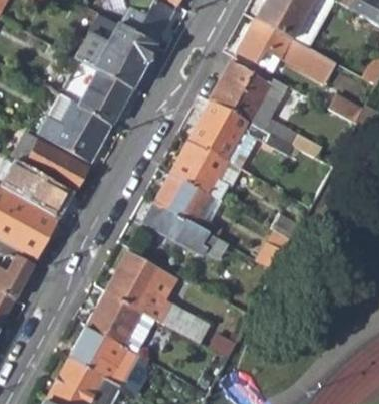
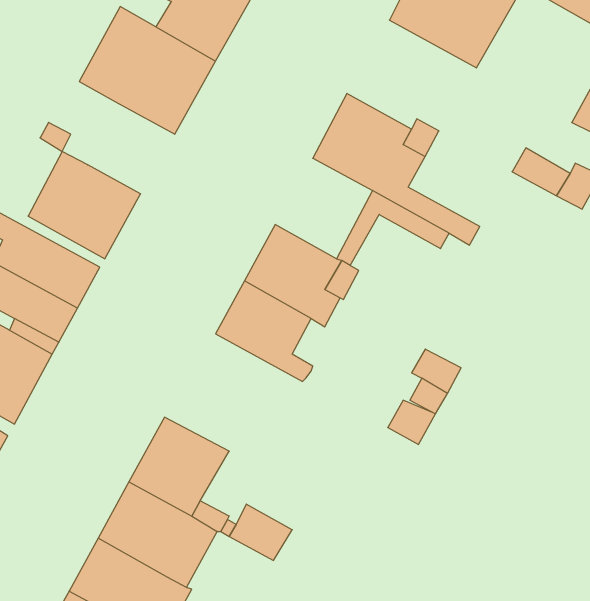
building: [239,19,336,83] -> none
building: [79,68,130,122] -> none
building: [189,100,247,160] -> none
building: [143,204,228,258] -> none

